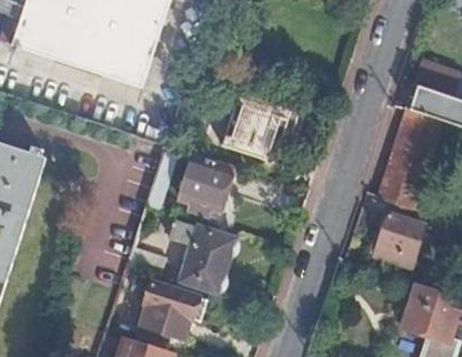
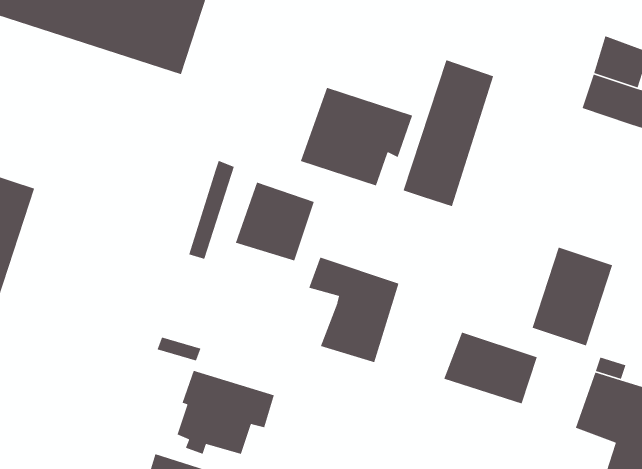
building: [380,108,441,206] -> [402,59,494,207]
building: [171,220,232,290] -> [308,257,400,363]
building: none -> [443,331,538,405]

